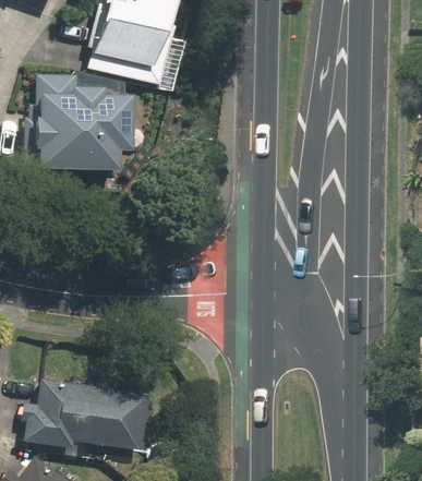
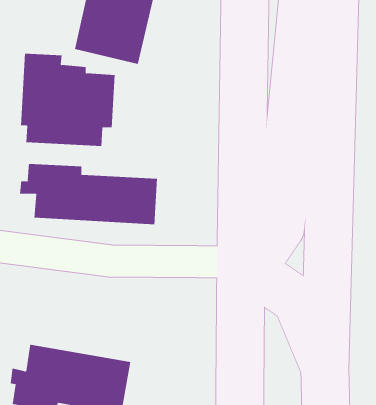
building: none -> [19,163,157,225]

